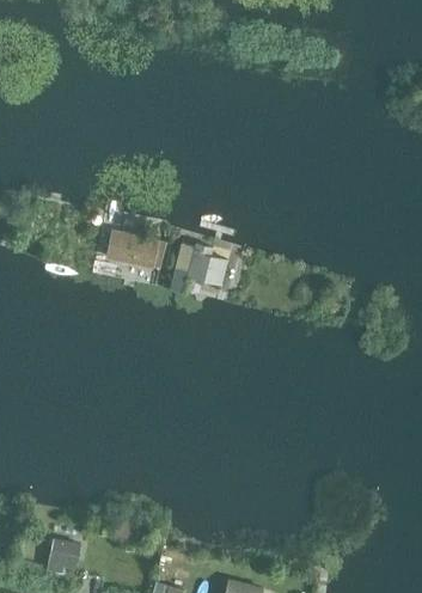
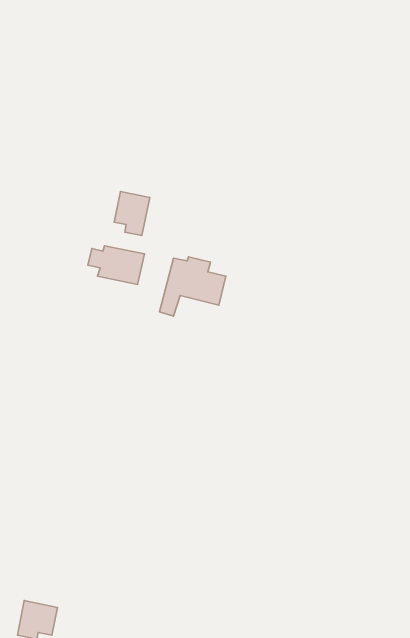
building: none -> [114,192,150,235]

